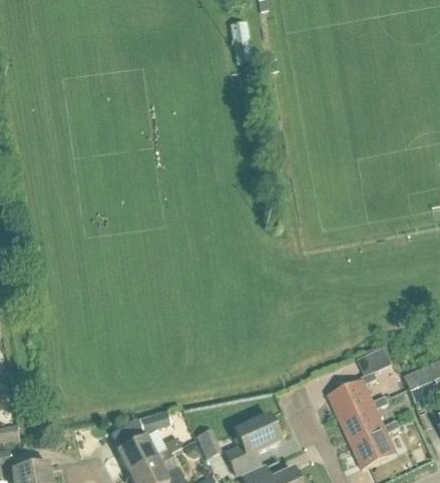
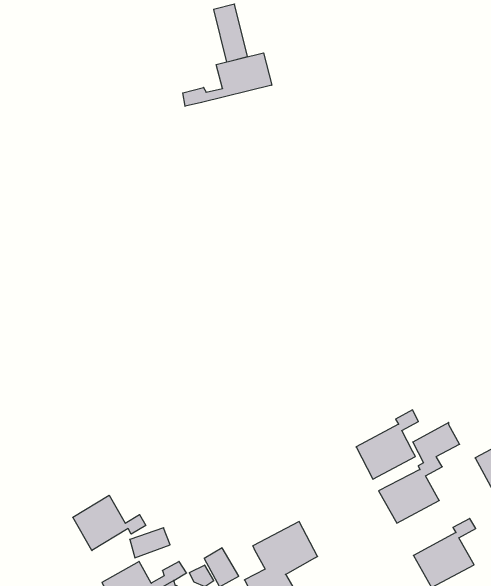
building: none -> [183,53,272,106]
building: none -> [73,495,146,551]
building: [341,394,389,444] -> [356,410,418,479]

